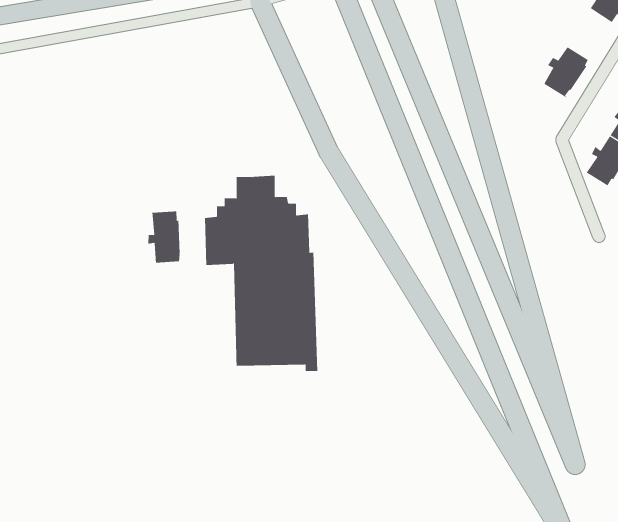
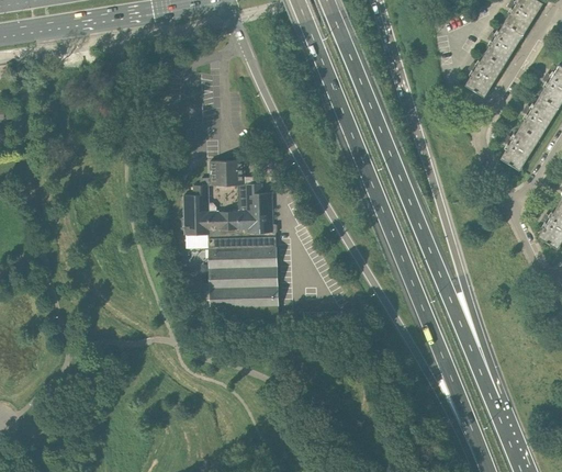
building: none -> [485,21,522,64]
building: [148,211,180,264] -> none

